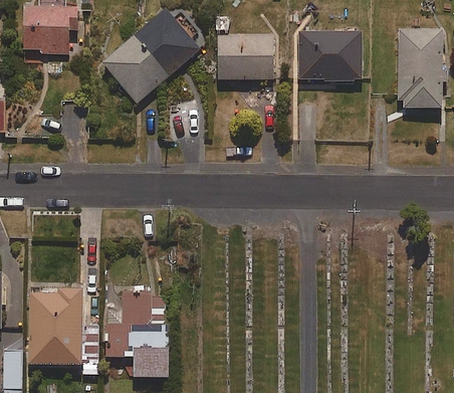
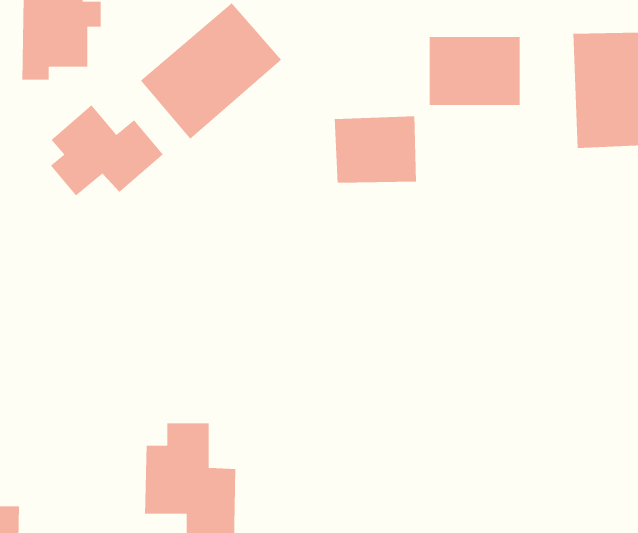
building: [217,33,273,79] -> [334,115,417,184]
building: none -> [50,104,164,197]
building: [29,290,81,365] -> none

